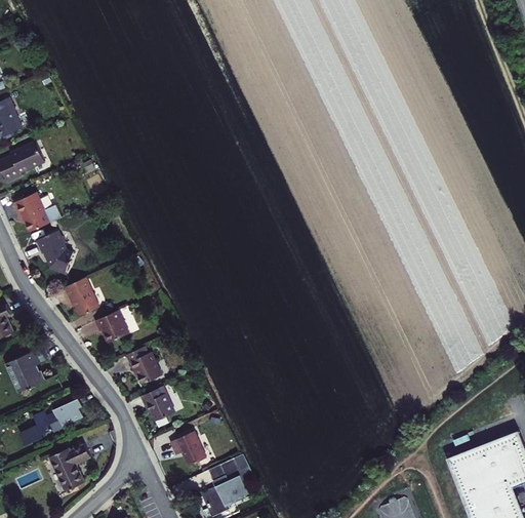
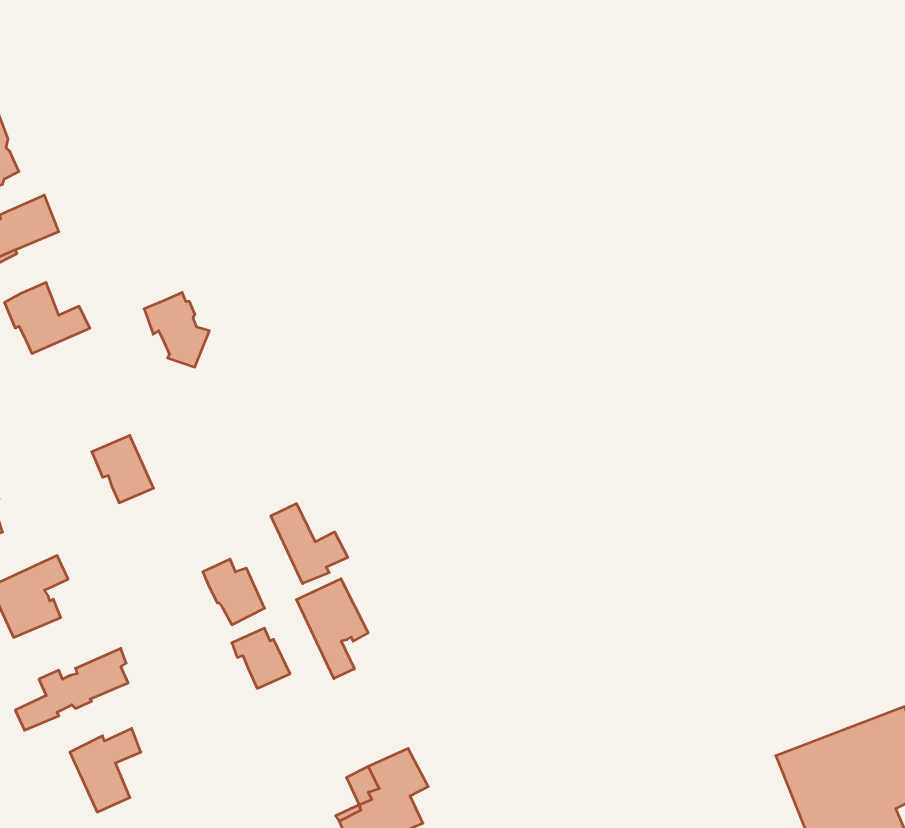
building: [36,231,73,273] -> [144,292,209,367]
building: [93,311,126,344] -> none
building: none -> [271,504,348,584]
building: none -> [296,579,368,679]
building: [170,431,205,466] -> none

